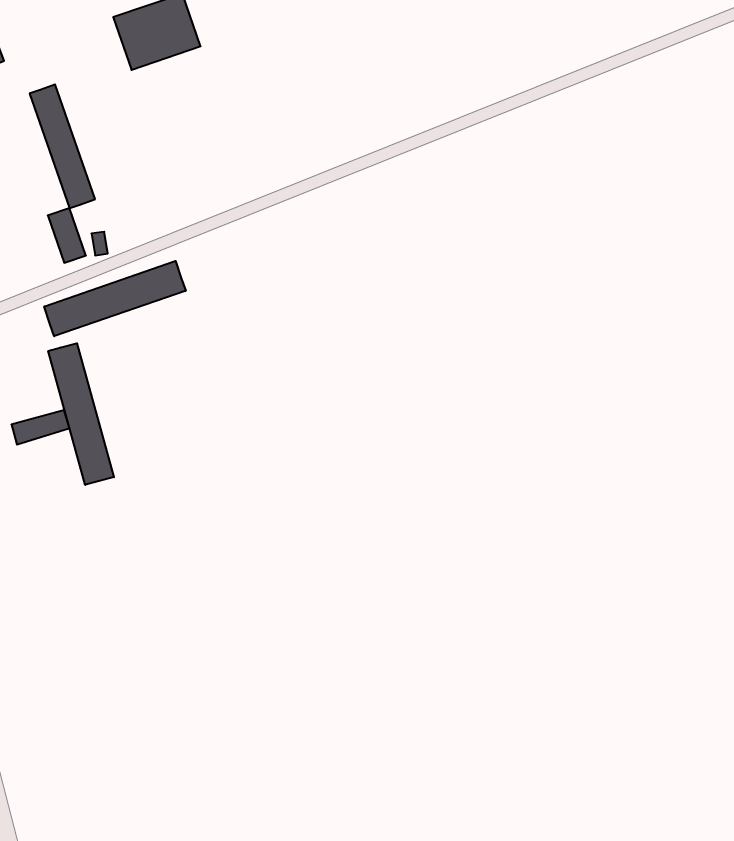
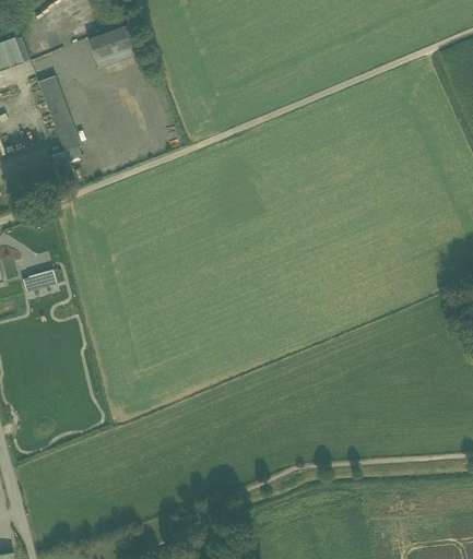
building: [44,261,186,336] -> none
building: [48,343,114,485] -> none

